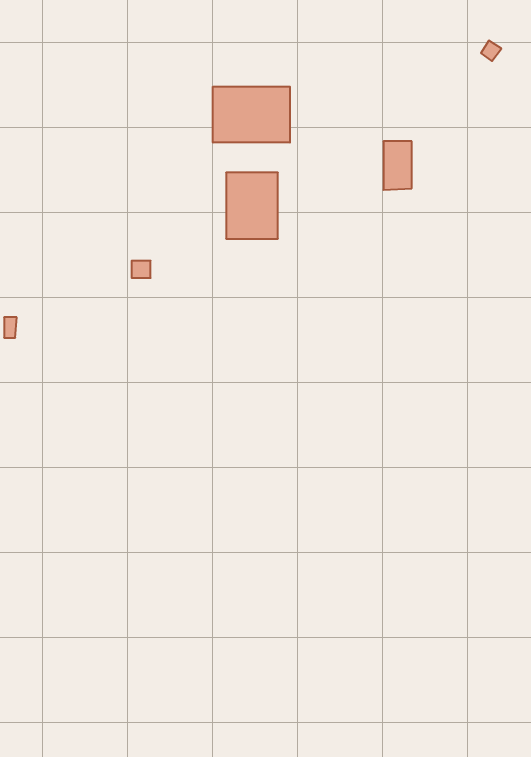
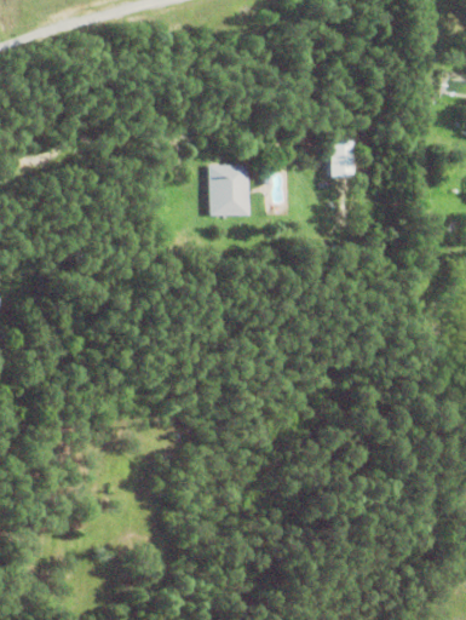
building: [213,87,290,143] -> none

